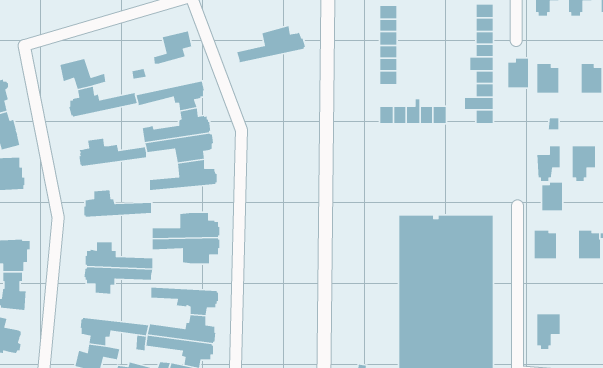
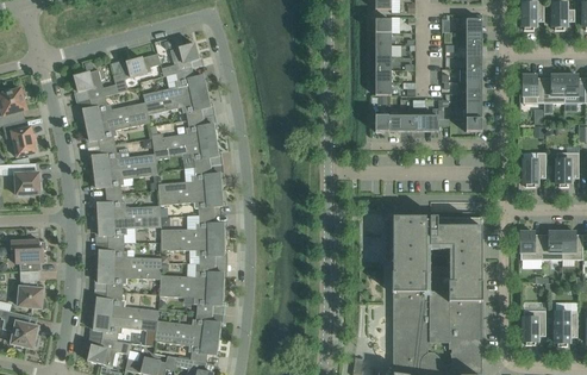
building: [236,25,306,63] -> [143,68,208,104]
building: none -> [113,52,161,92]
building: [507,58,529,88] -> [544,74,564,102]
building: none -> [85,112,150,146]
building: none -> [93,163,157,194]
building: [541,182,563,211] -> [542,231,562,258]
building: none -> [158,188,224,214]
building: none -> [96,215,162,242]
building: none -> [160,263,225,288]
building: none -> [94,290,160,320]
building: none -> [555,311,577,345]

